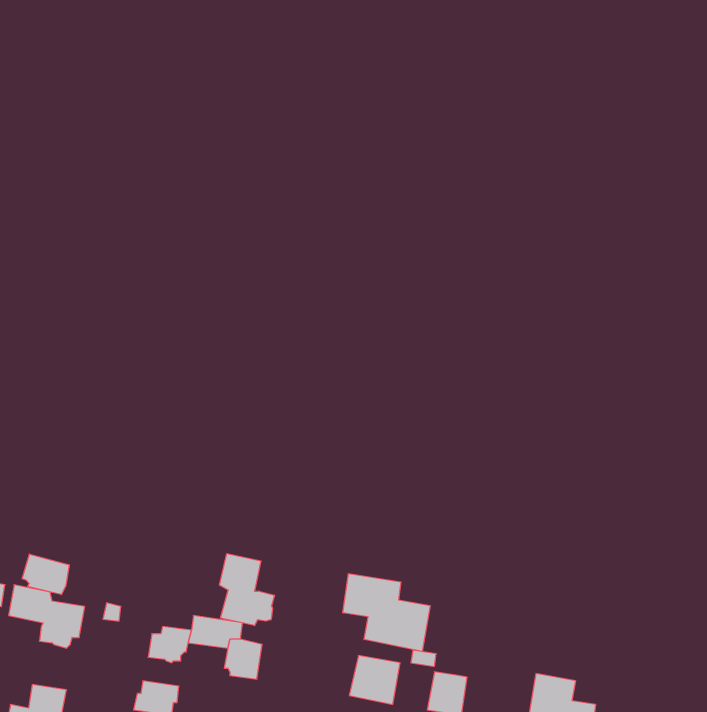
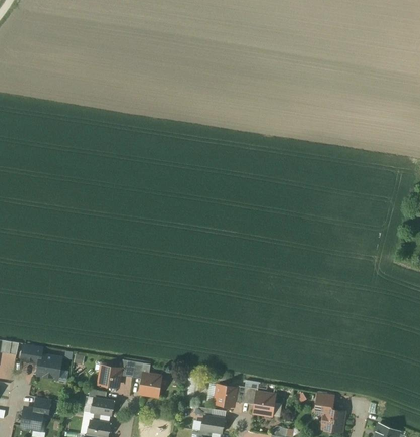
building: [220,554,275,626] -> none
building: [22,554,69,595] -> none
building: [343,574,430,652] -> none

